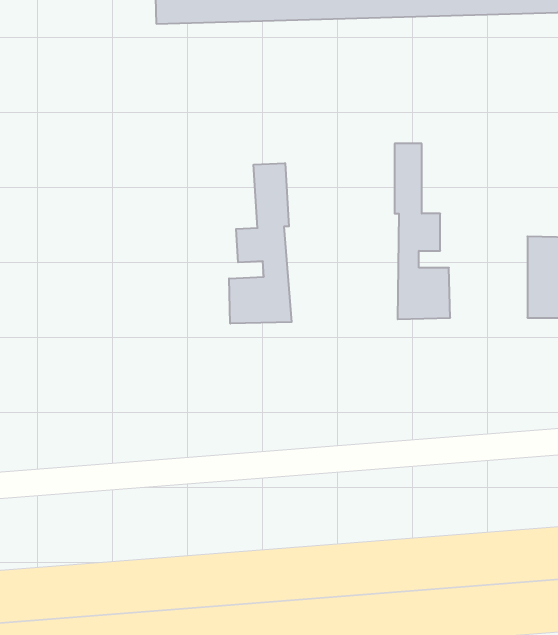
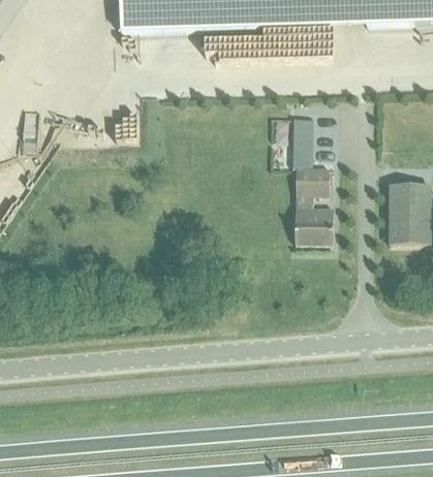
building: [229,163,292,324] -> none

